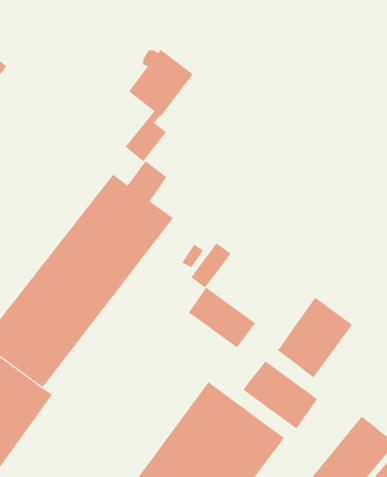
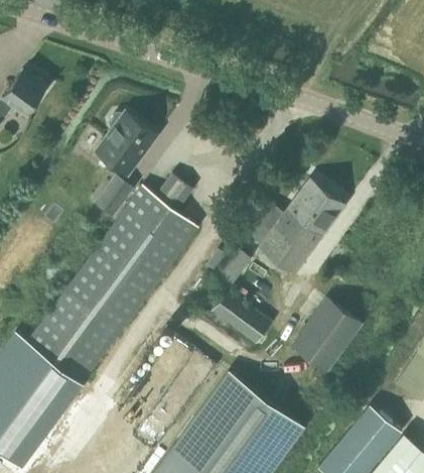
building: [125,49,194,162] -> [95,113,157,216]
building: none -> [243,180,344,274]
building: [243,360,318,429] -> none

